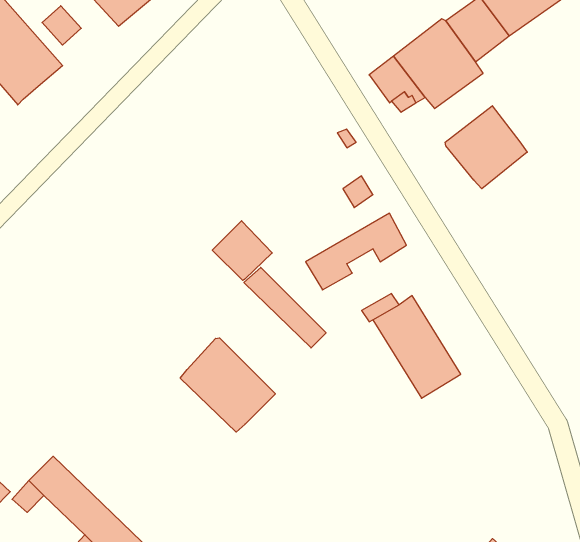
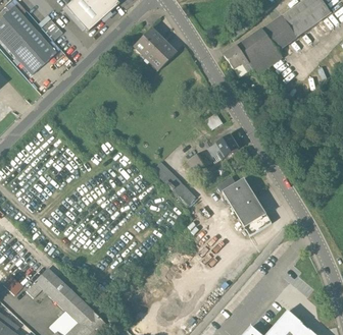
building: none -> [132,29,176,72]
building: [445,106,527,189] -> none
building: [212,221,272,280] -> none
building: [180,338,275,432] -> none

